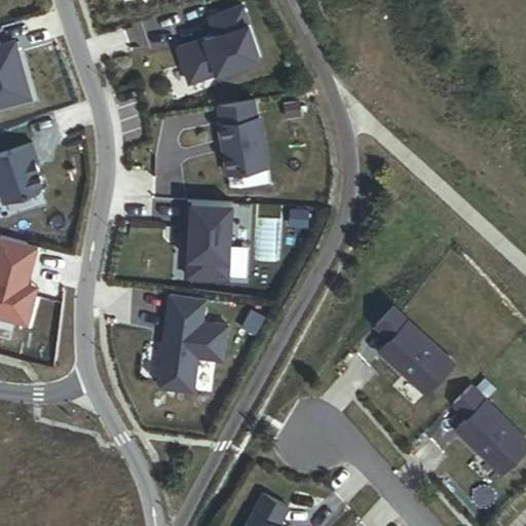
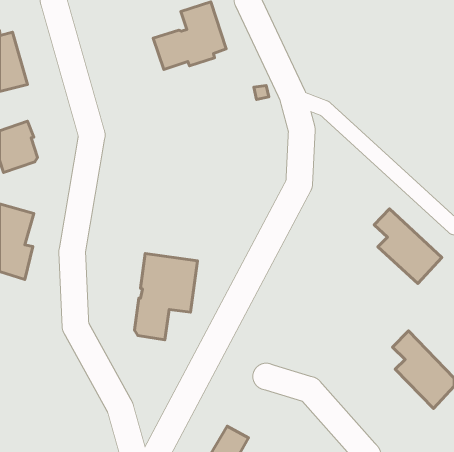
building: [218,101,267,175] -> none
building: [185,202,233,281] -> none
building: [375,307,453,393] -> [374,209,442,283]

